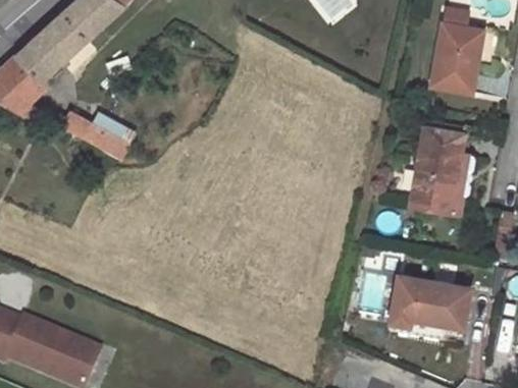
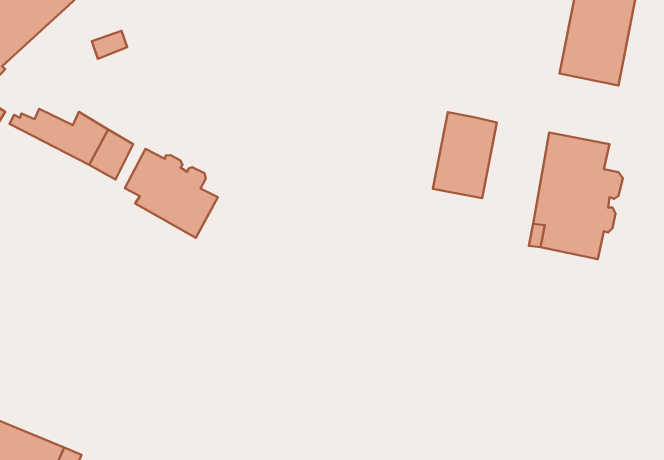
building: none -> [433,112,497,198]
building: none -> [125,149,218,238]
building: [390,274,472,338] -> none

